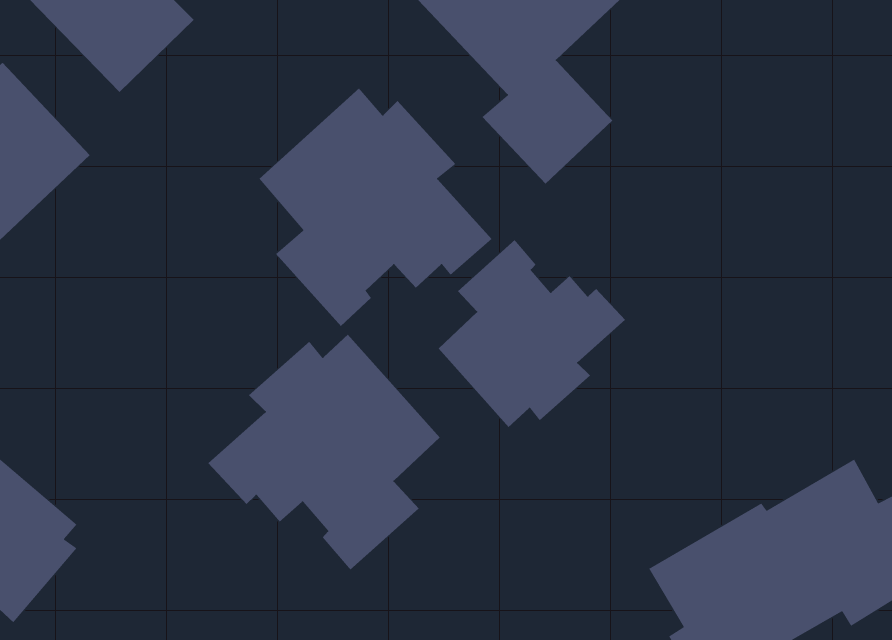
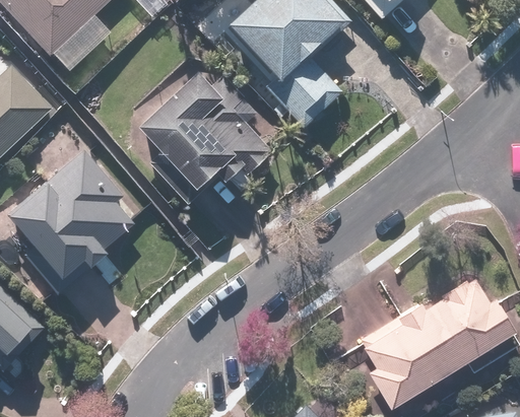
building: none -> [7,151,135,295]
building: [438,239,626,428] -> none
building: [208,334,440,571] -> none

